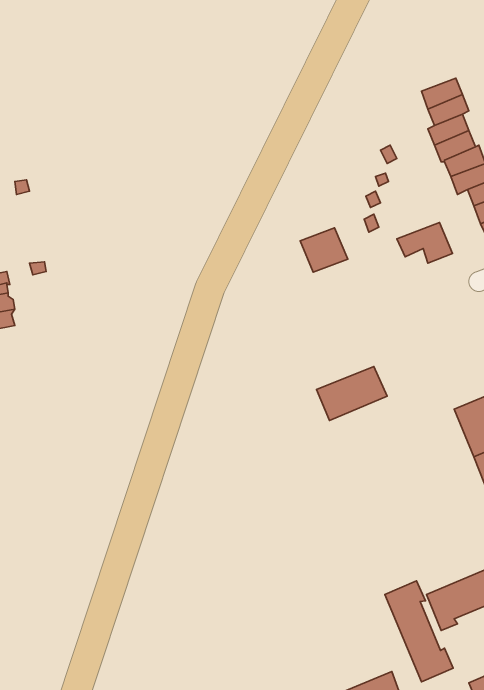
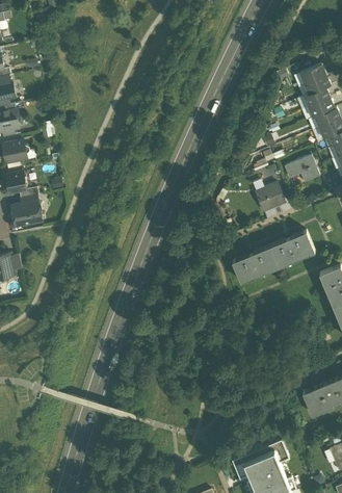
building: [300,228,348,272] -> [255,183,285,211]
building: none -> [269,232,314,266]
building: [385,581,453,682] -> none

